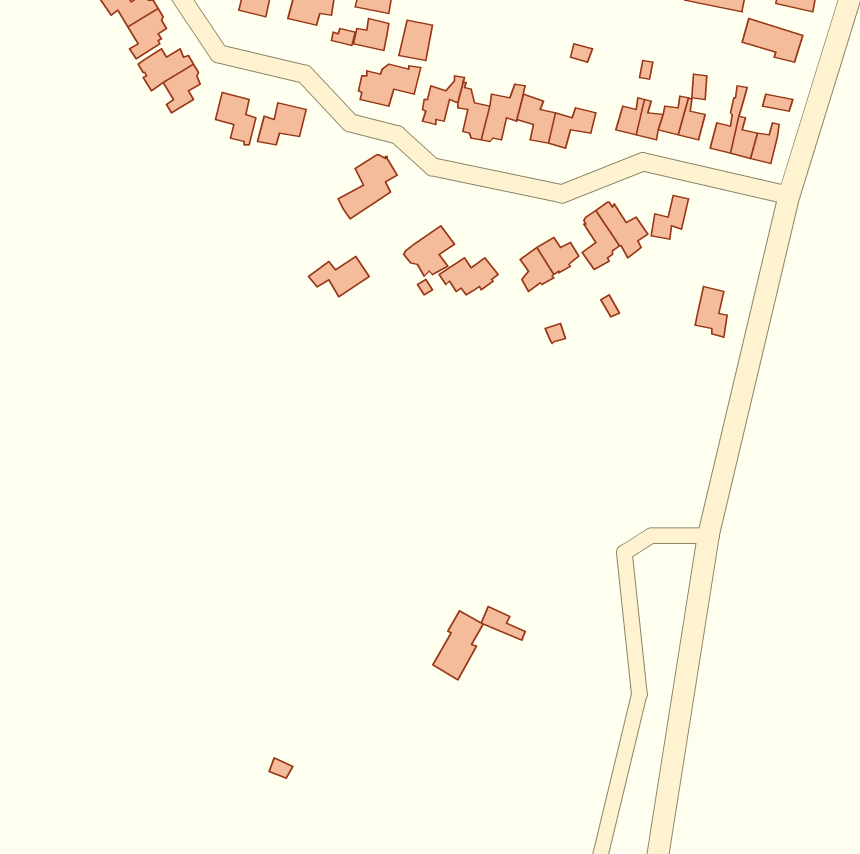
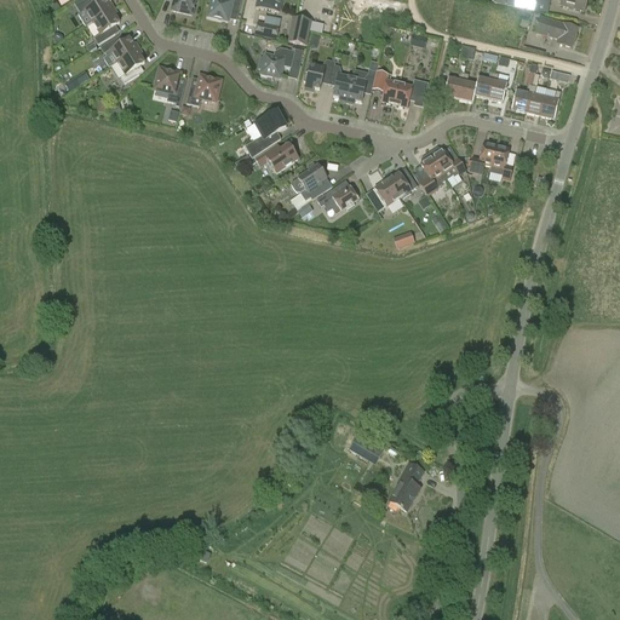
building: [309,256,369,297] -> [254,143,298,172]
building: [695,287,727,337] -> [489,143,512,179]
building: [433,611,483,680] -> [389,460,425,510]

